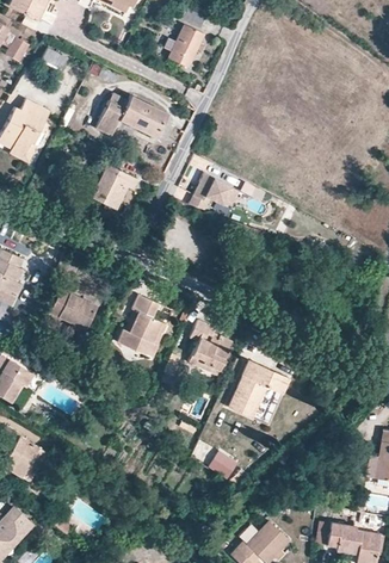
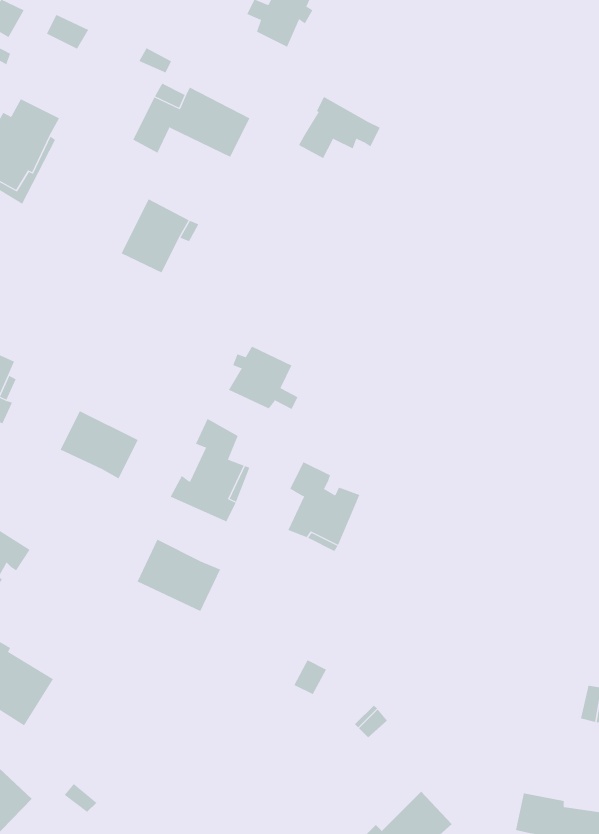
building: [187,171,237,209] -> [298,96,381,159]
building: none -> [228,346,298,410]
building: [228,360,289,417] -> none
building: none -> [137,539,221,612]
building: [206,447,237,478] -> none

